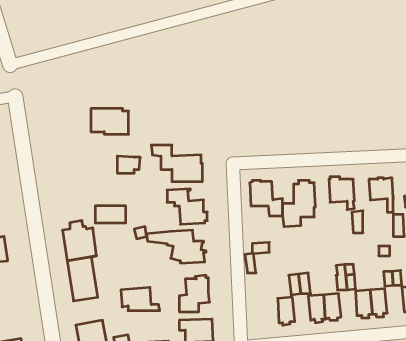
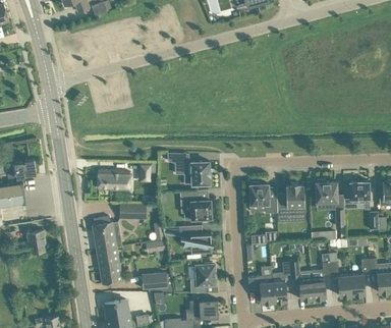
building: [91,109,129,134] -> [98,170,129,192]
building: none -> [248,275,274,306]

